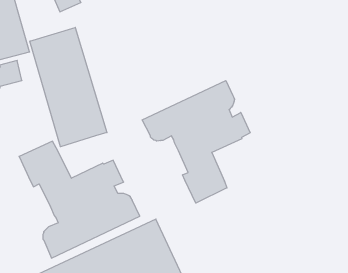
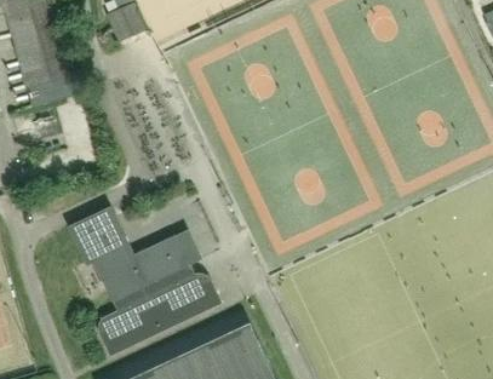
building: [30,27,107,147] -> none
building: [142,81,250,203] -> none

